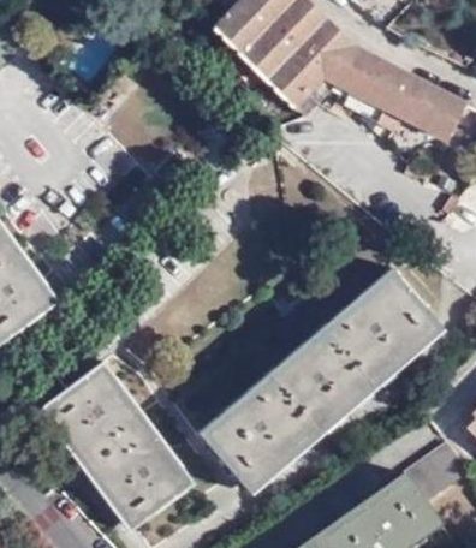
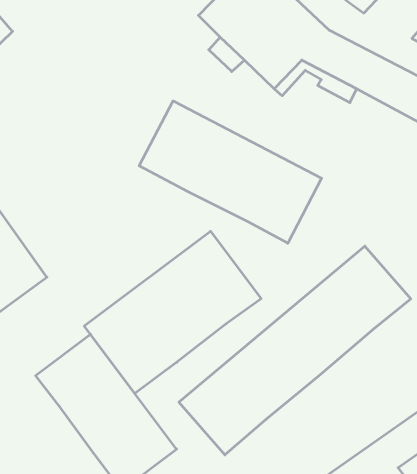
building: none -> [139,101,322,243]
building: none -> [84,231,261,393]

